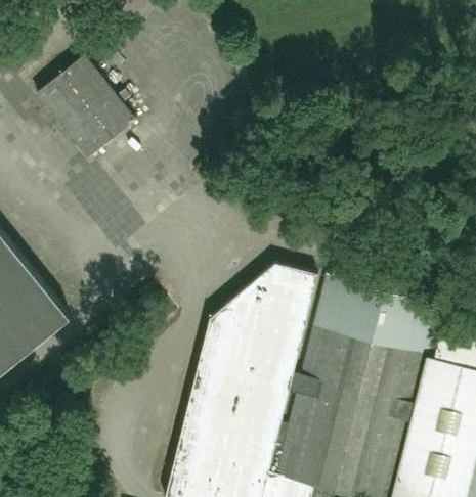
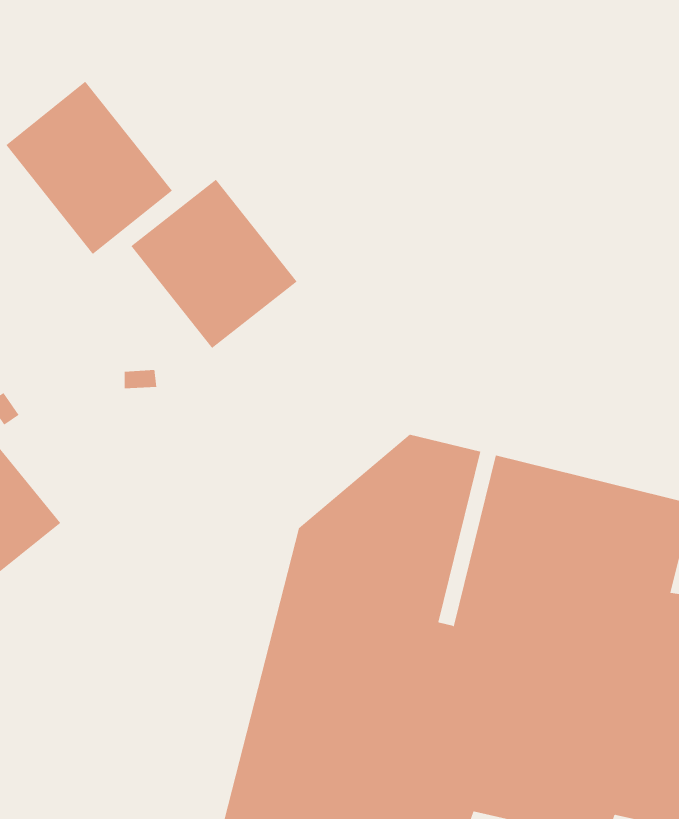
building: none -> [130,179,298,349]

